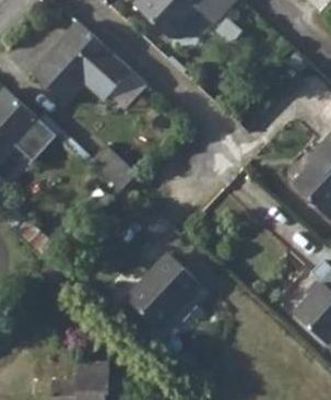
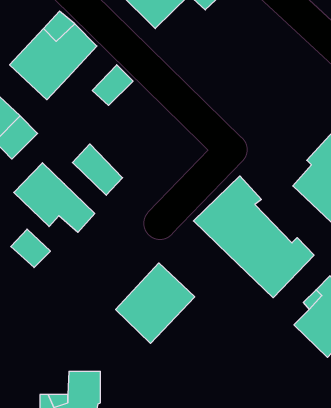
building: [82,54,128,101] -> none
building: none -> [14,163,95,232]
building: none -> [193,176,314,298]

